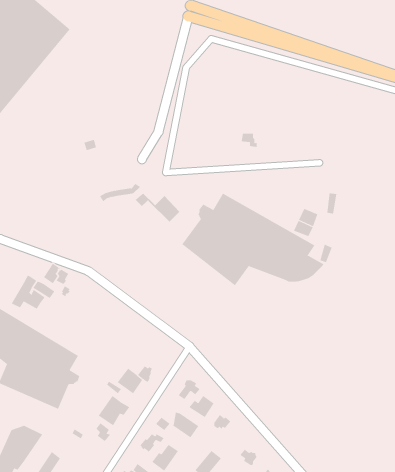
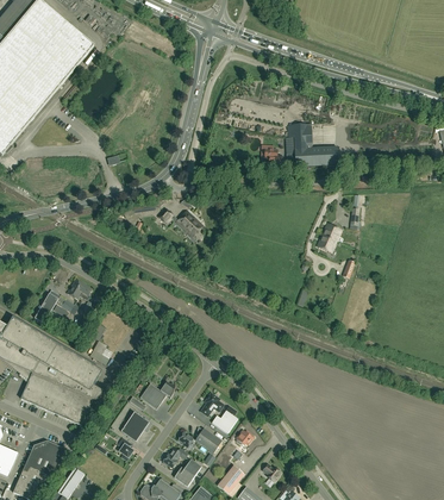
building: none -> [288,124,337,167]
building: [182,193,325,286] -> none

